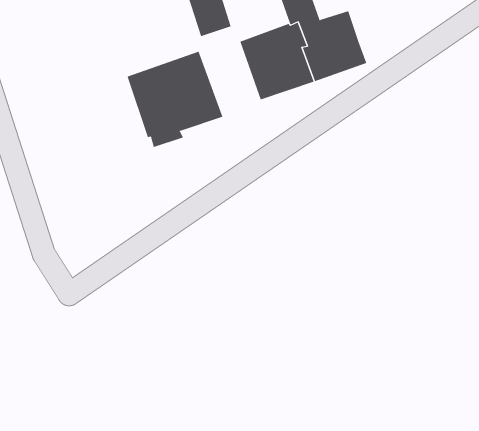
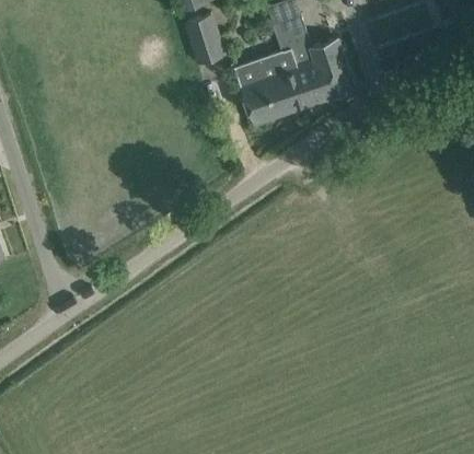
building: [127,51,223,148] -> none

